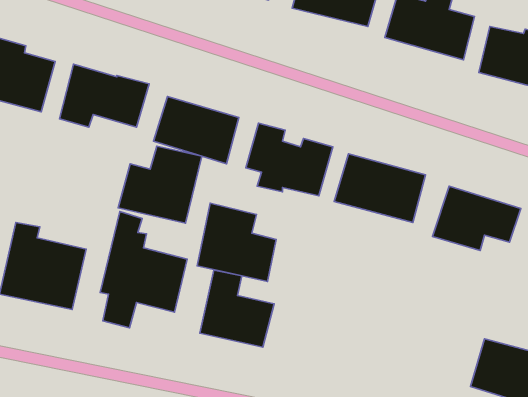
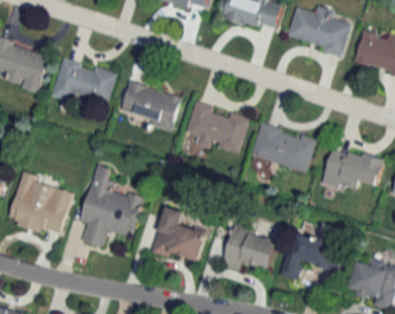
building: [118,146,202,223] -> none
building: [197,203,276,281] -> none
building: none -> [223,226,276,270]
building: none -> [281,230,338,280]

